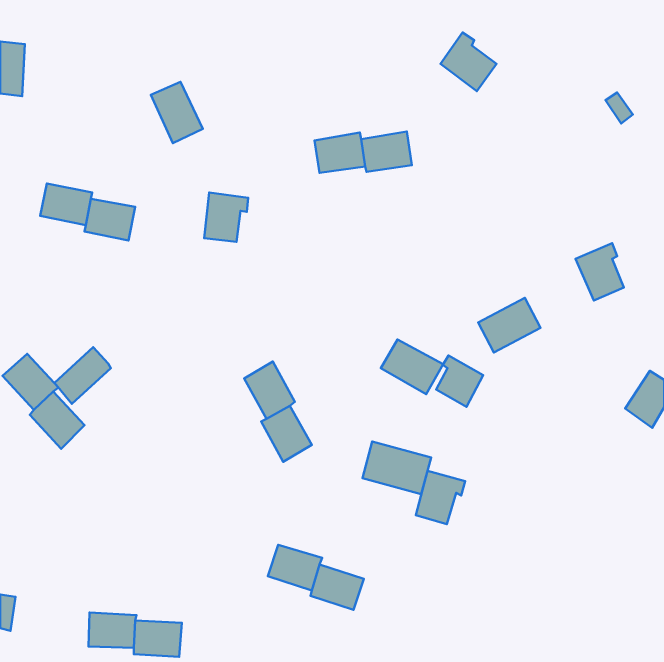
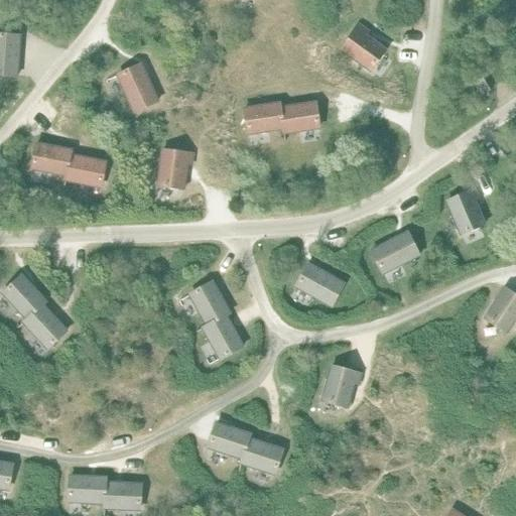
building: [55,347,111,404] -> none
building: [436,355,483,407] -> none
building: [362,441,431,494] -> none

